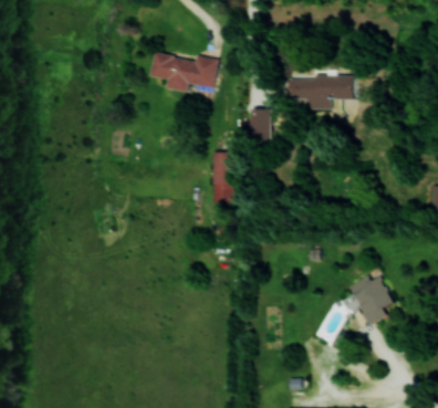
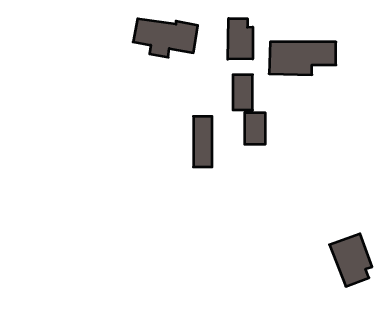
building: none -> [228,18,253,59]
building: none -> [245,113,265,144]

